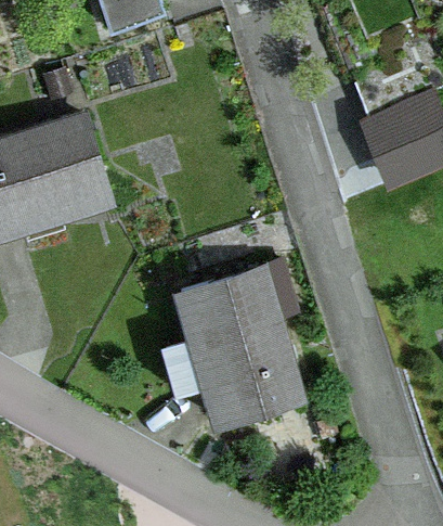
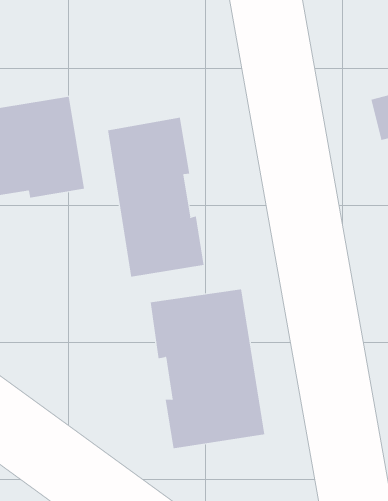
building: none -> [108,117,204,278]

